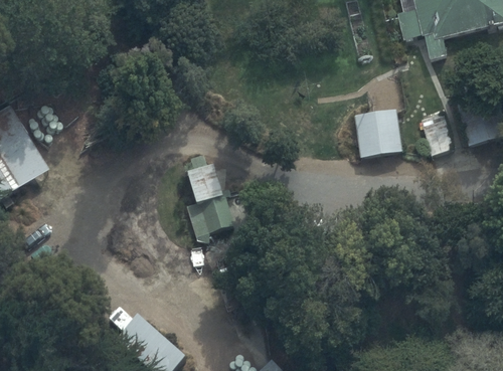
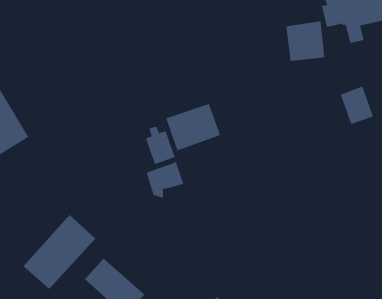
building: [354,108,401,156] -> [286,21,325,62]
building: none -> [166,103,221,151]
building: none -> [22,214,96,290]

